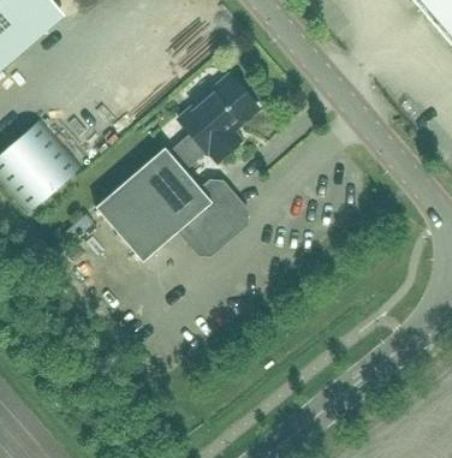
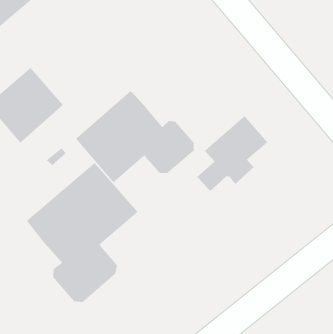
building: [171,73,260,168] -> [196,115,268,191]
building: none -> [26,162,139,303]

